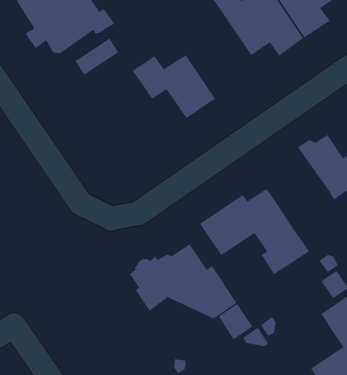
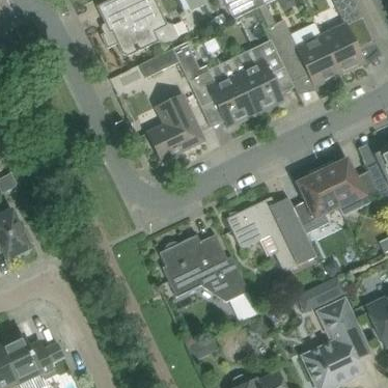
building: none -> [235,39,283,114]
building: none -> [172,41,209,80]
building: none -> [147,94,203,161]
building: none -> [293,166,339,233]

